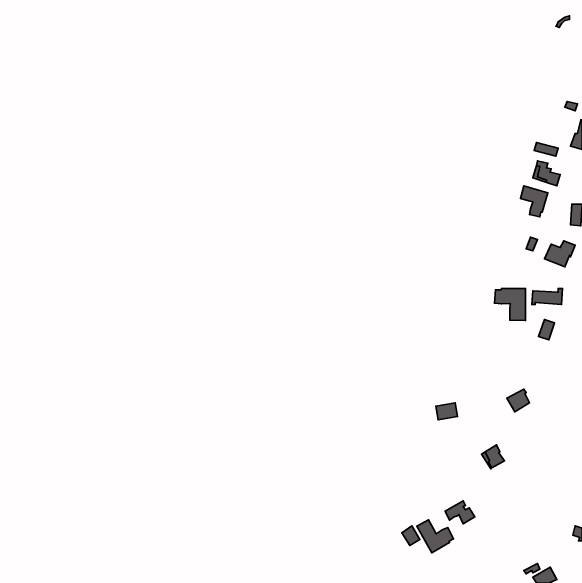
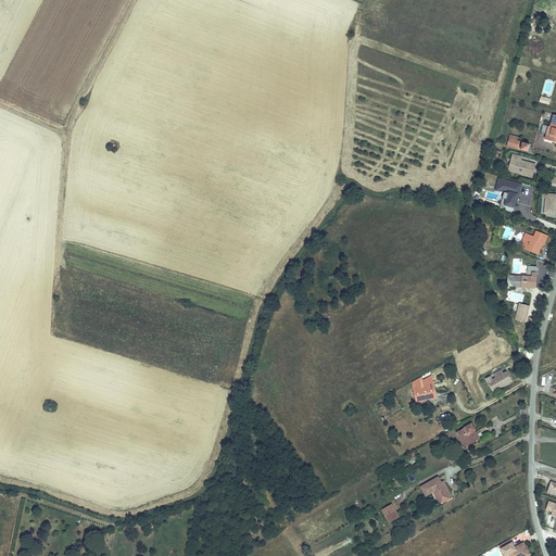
building: [495,288,526,320] -> none
building: [417,520,453,553] -> none

